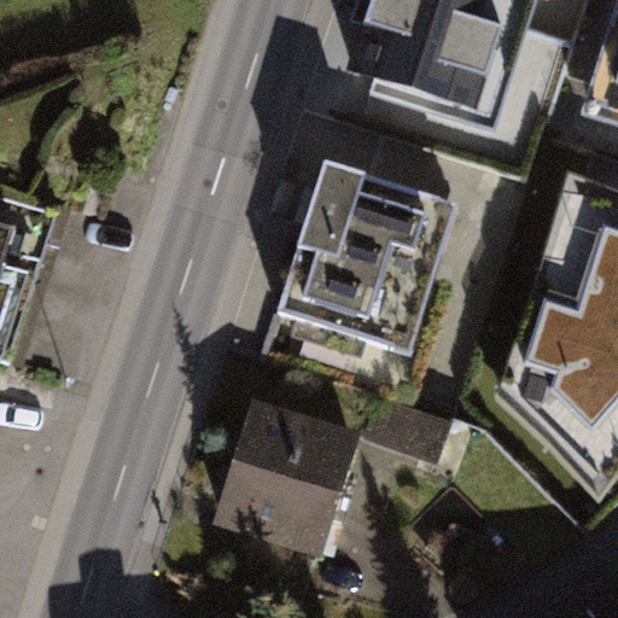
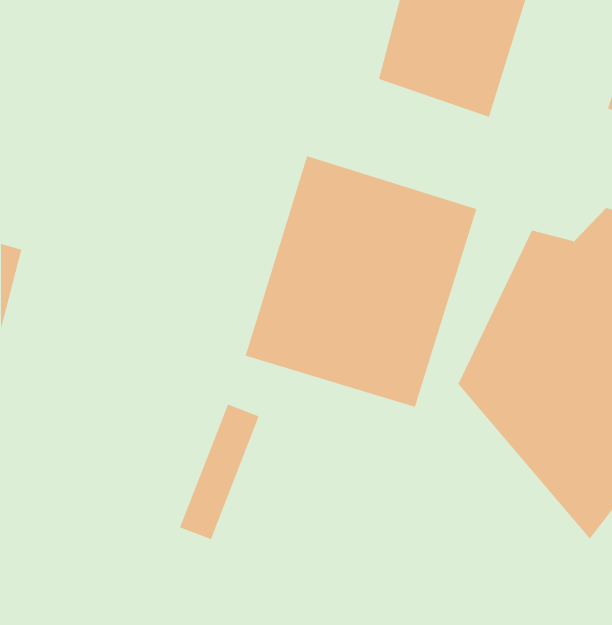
building: [244,413,387,556] -> none

